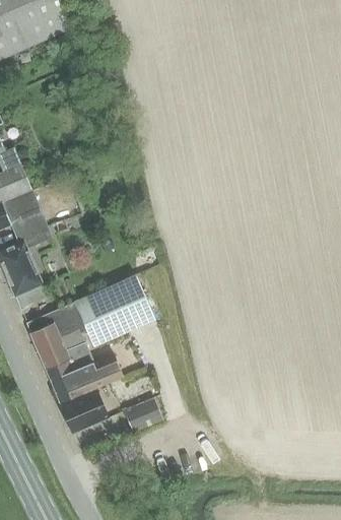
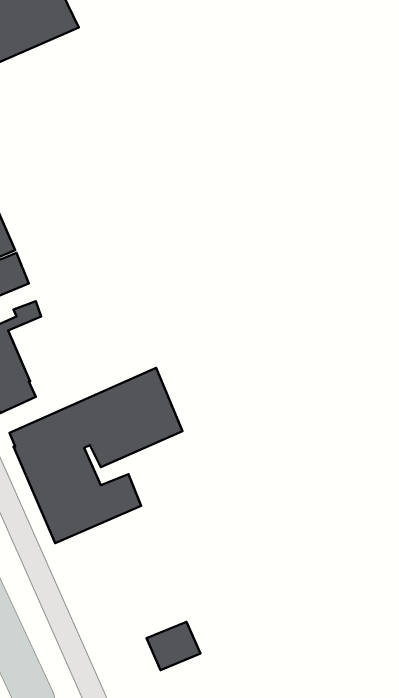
building: [61,388,111,432] -> none
building: [124,396,163,432] -> [146,622,200,670]

